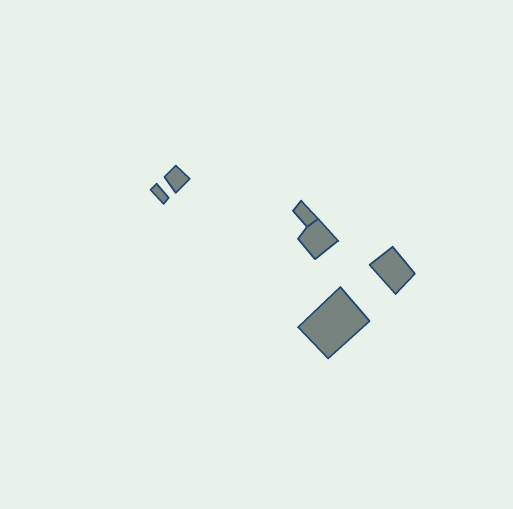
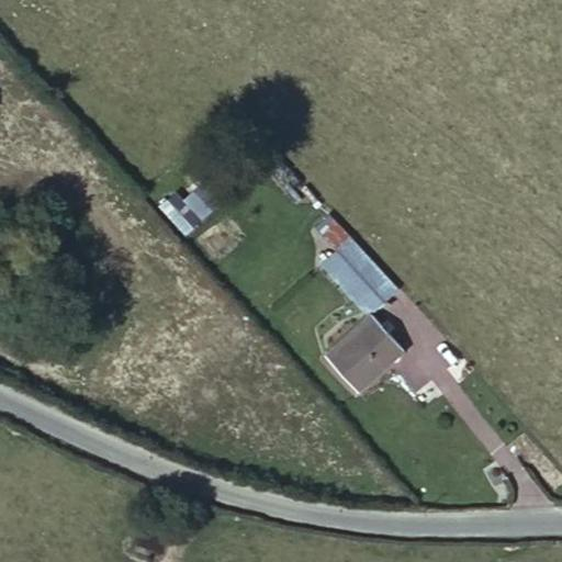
building: [370,247,415,294] -> [345,263,394,315]

